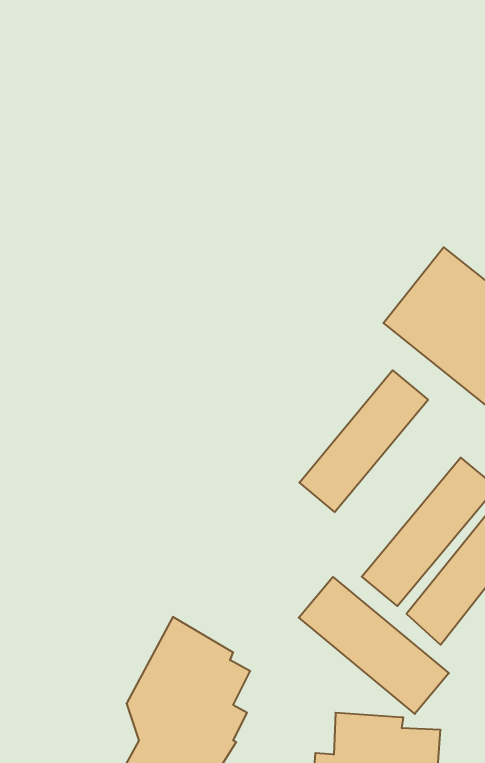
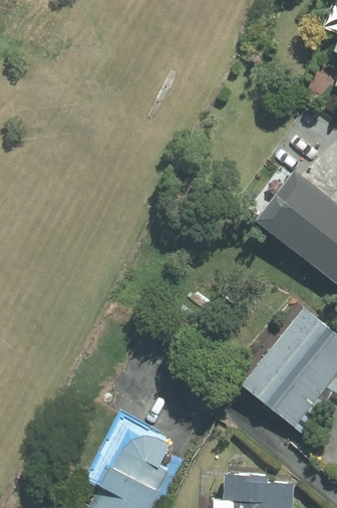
building: [299,370,428,512] -> none
building: [299,577,449,714] -> none

